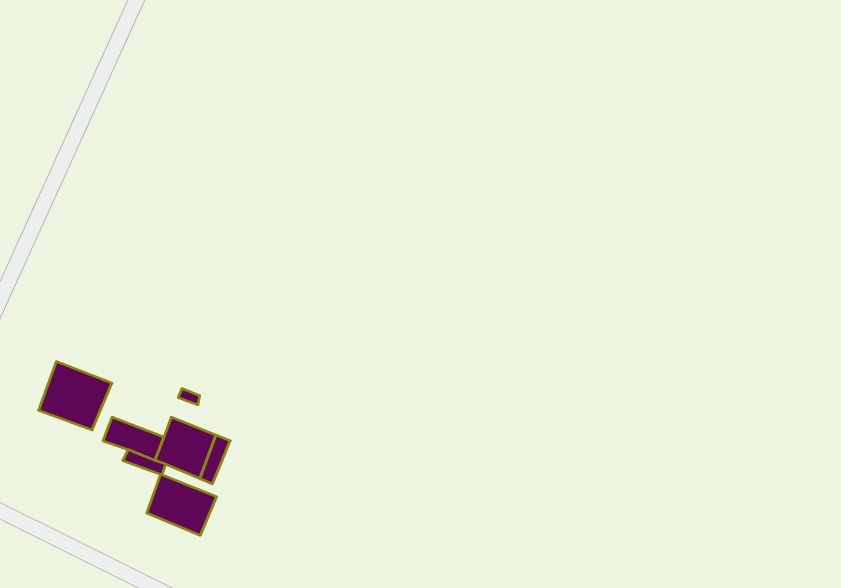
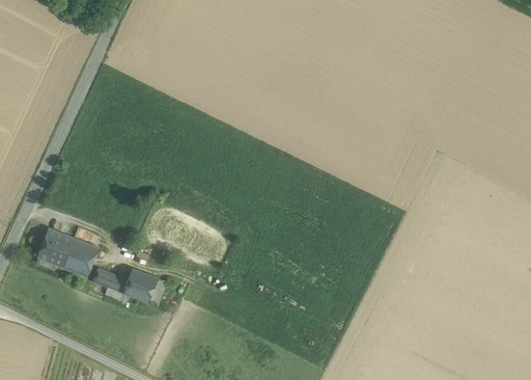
building: none -> [37,229,65,264]
building: [147,474,216,535] -> none

